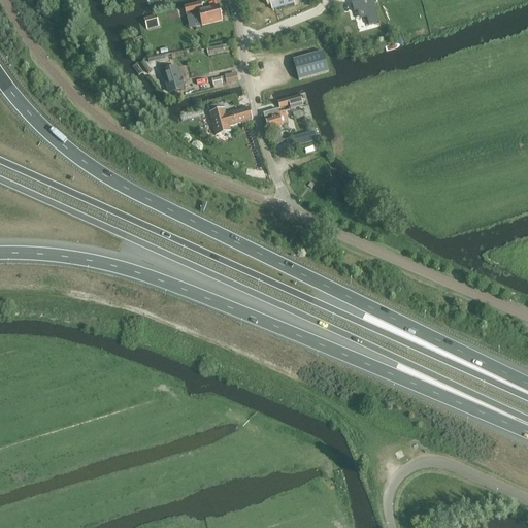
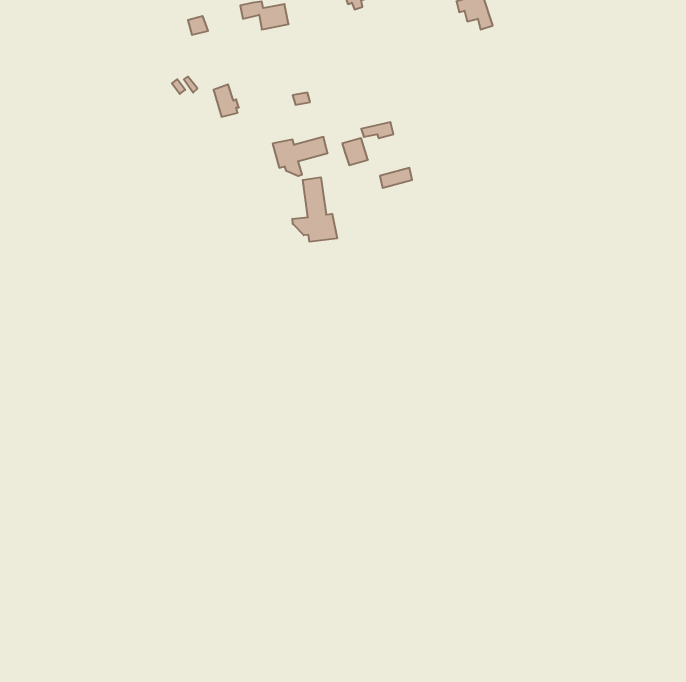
building: [293,50,329,78] -> none
building: none -> [292,177,337,242]

